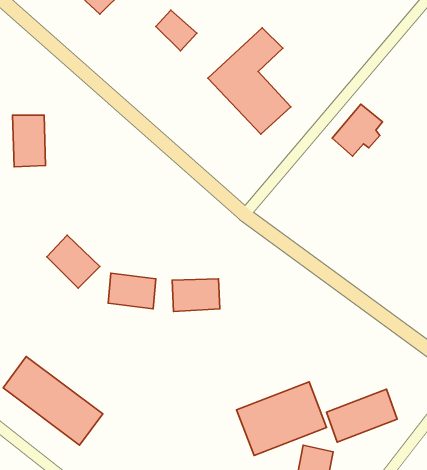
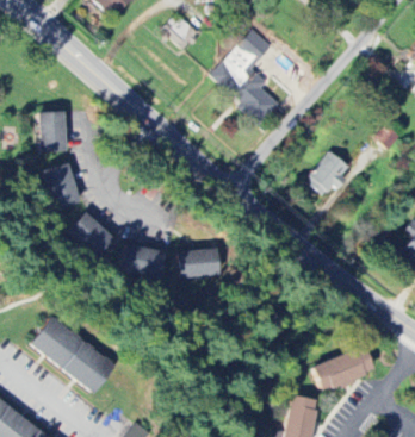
building: [332,104,383,156] -> [304,151,348,196]
building: none -> [43,163,78,207]
building: [237,382,327,456] -> none

